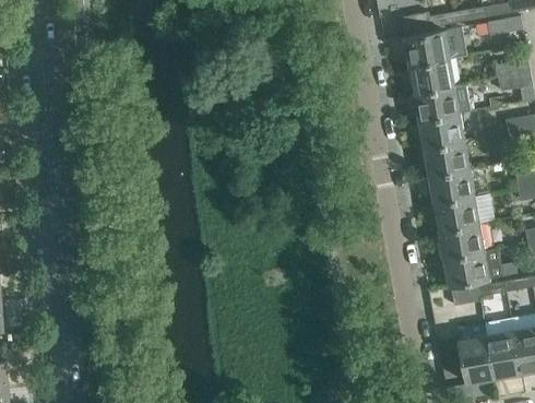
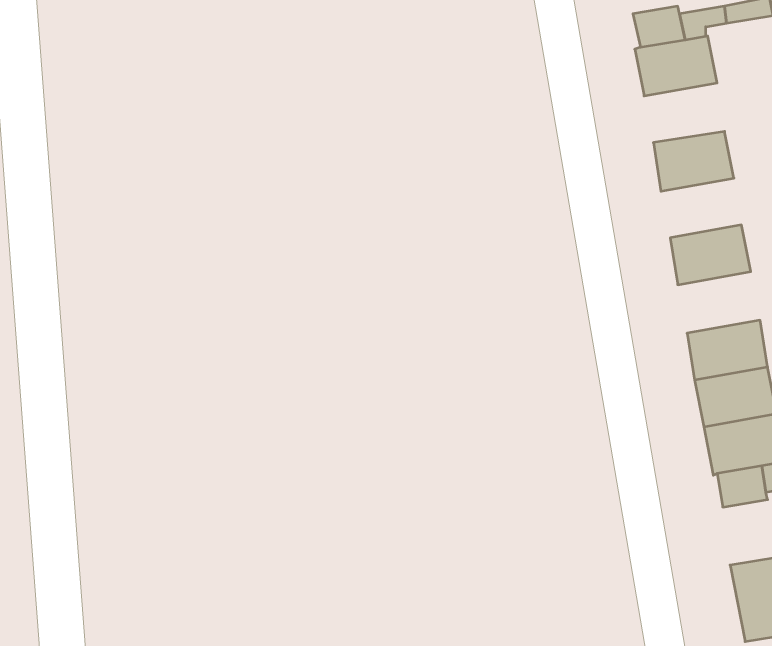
building: [408,57,455,92] -> none
building: [418,112,465,147] -> none
building: [428,167,476,203] -> none

